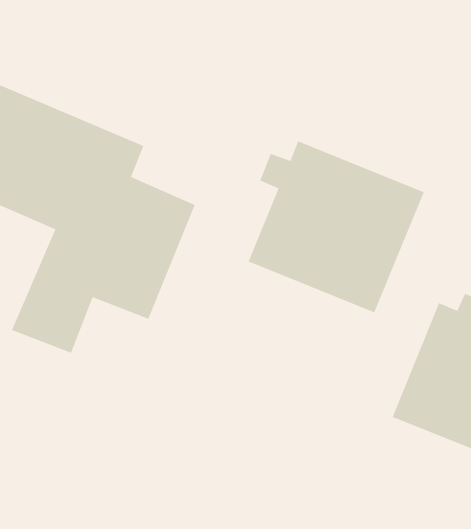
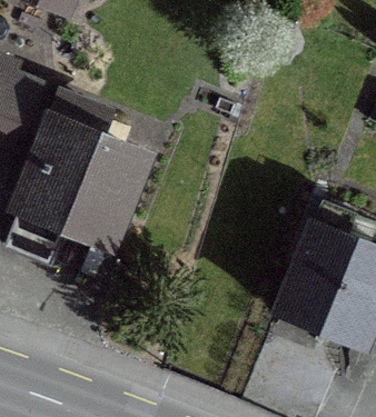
building: [248,140,424,313] -> none

